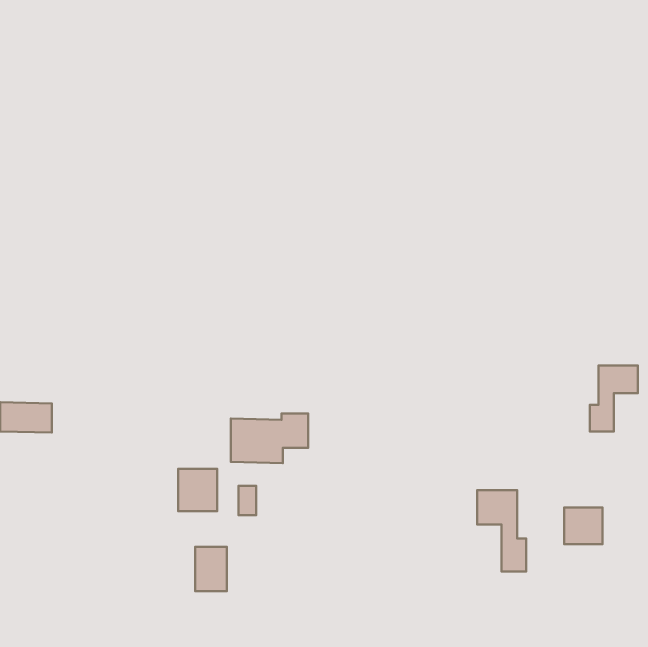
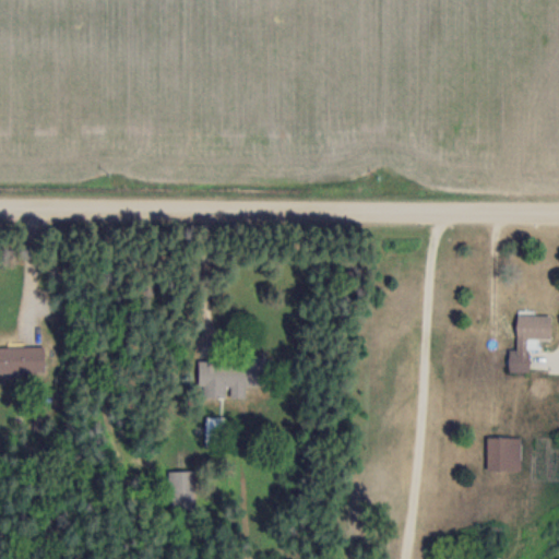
building: [178,469,217,511] -> none
building: [477,490,526,571] -> none

